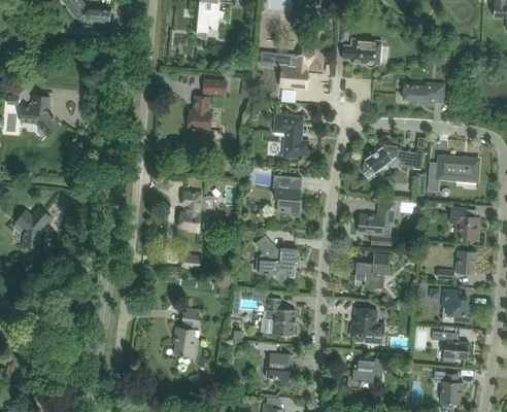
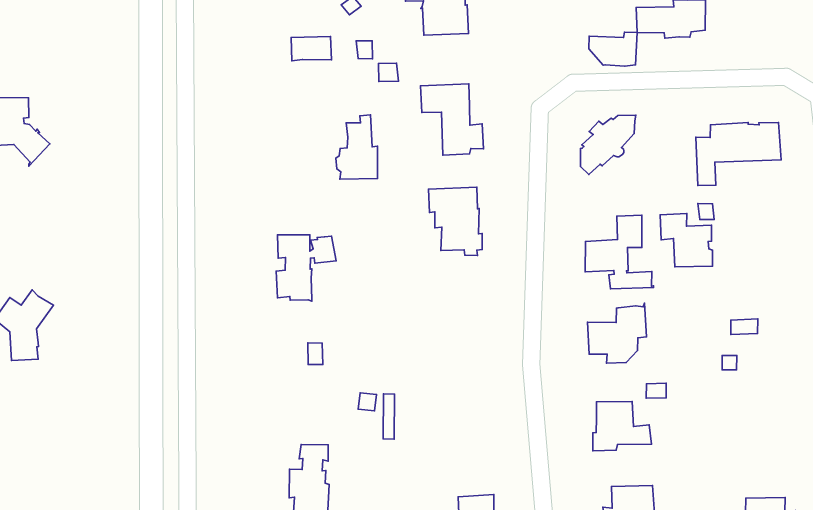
building: [187,93,211,130] -> [336,115,378,179]
building: [395,149,424,169] -> [589,32,637,66]
building: [449,208,479,241] -> [660,213,713,267]
building: [255,235,300,280] -> none
building: [455,250,476,274] -> none
building: [252,290,295,337] -> none
building: [442,290,472,322] -> none
building: [432,332,469,362] -> none

